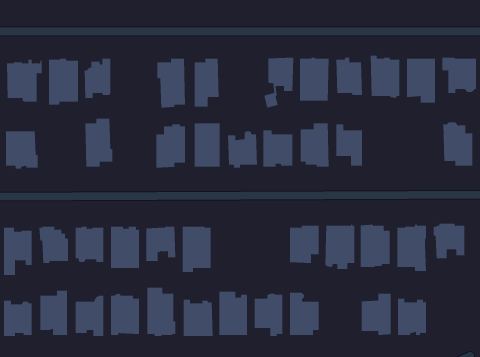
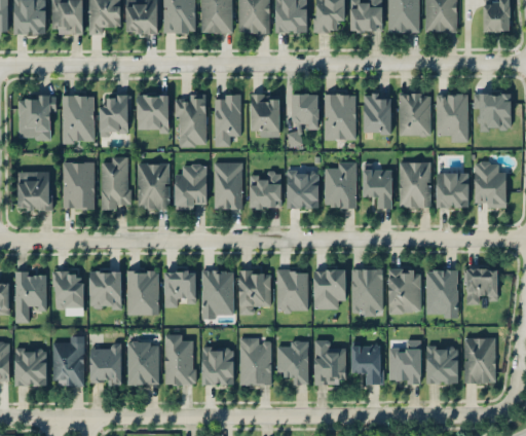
building: none -> [251,94,279,137]
building: none -> [138,95,170,134]
building: none -> [399,161,431,208]
building: none -> [64,162,93,209]
building: none -> [138,164,170,209]
building: none -> [437,173,468,208]
building: none -> [239,269,271,315]
building: none -> [277,269,308,314]
building: none -> [464,338,495,384]
building: none -> [351,340,383,384]

